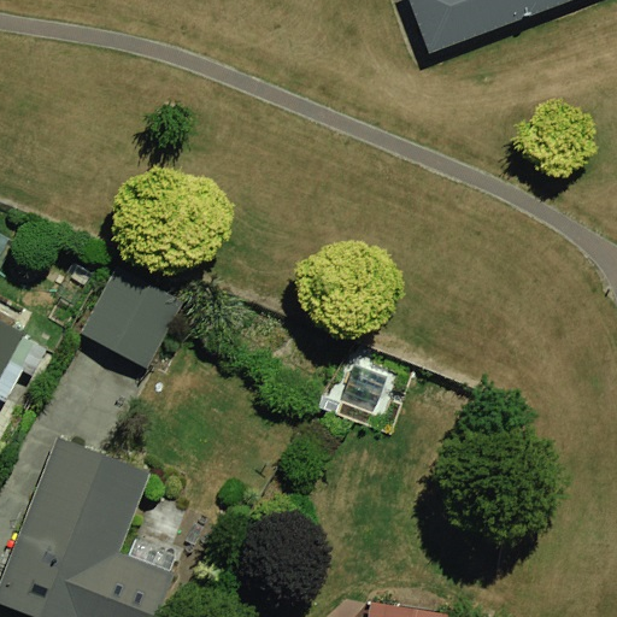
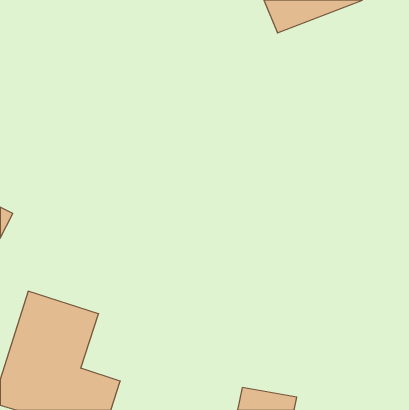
building: [86,264,198,377] -> none

